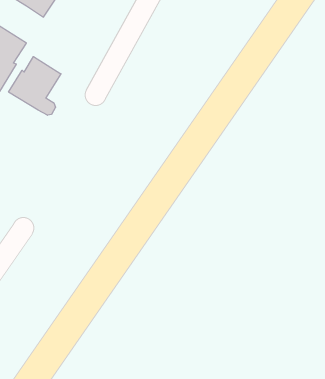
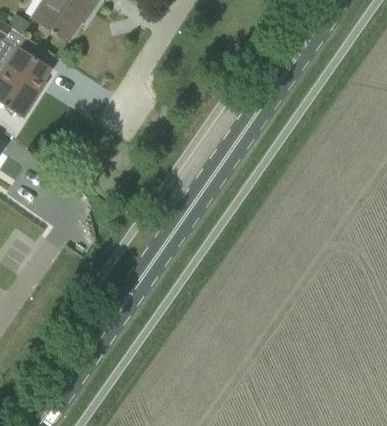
building: [9,57,61,115] -> none

